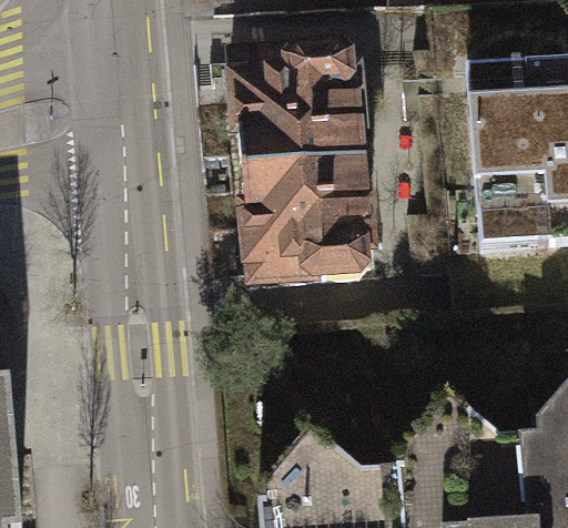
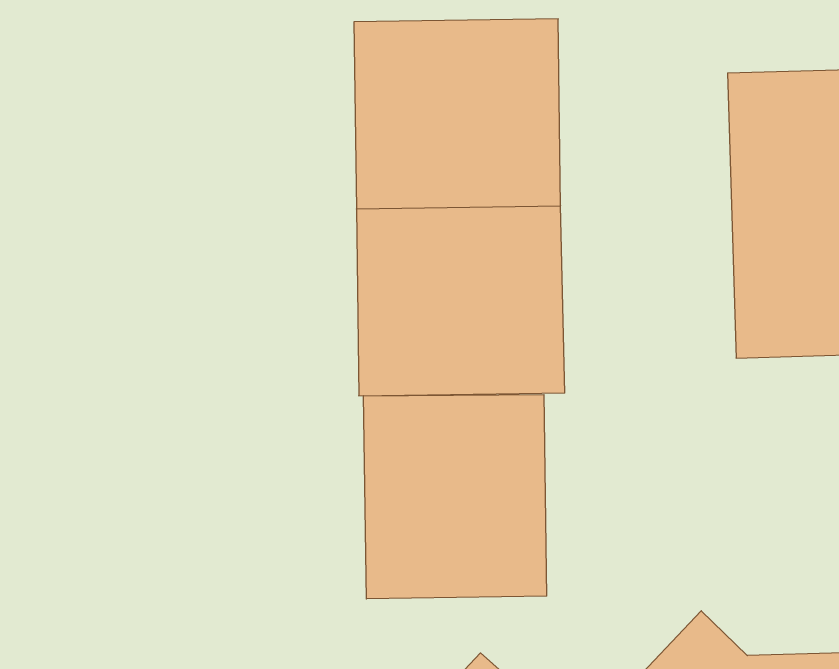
building: none -> [364,395,547,599]

